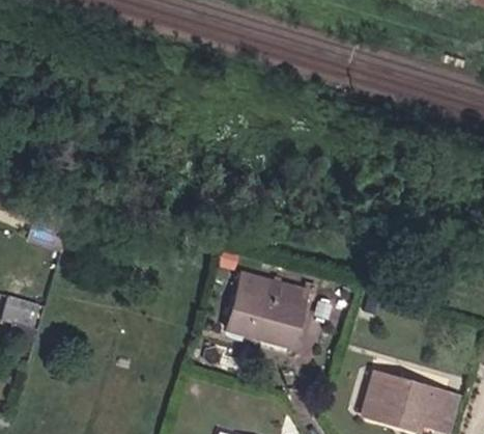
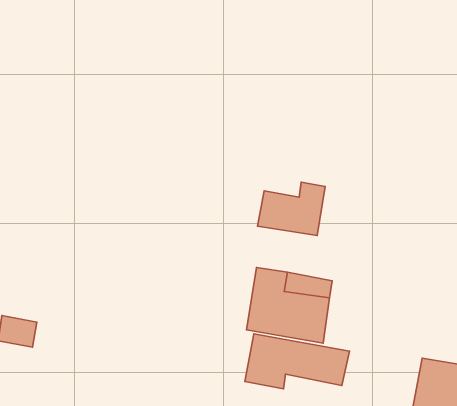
building: none -> [257,182,325,236]
building: none -> [245,334,349,389]

